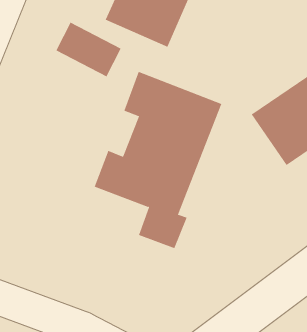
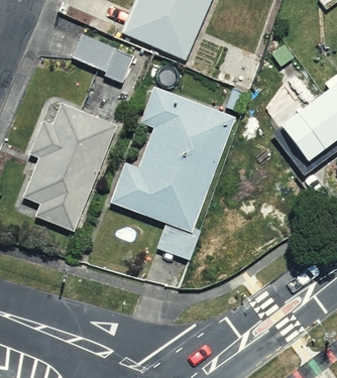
building: none -> [20,101,118,231]

